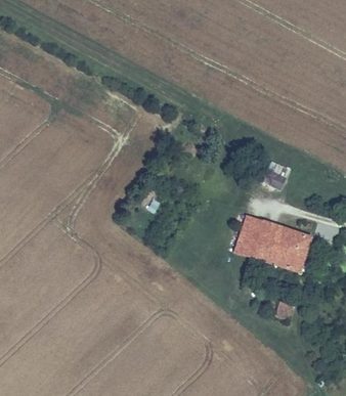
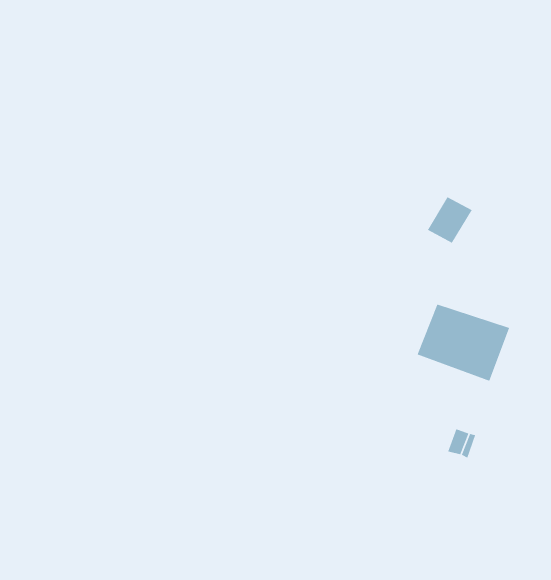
building: [239,217,268,254] -> none

